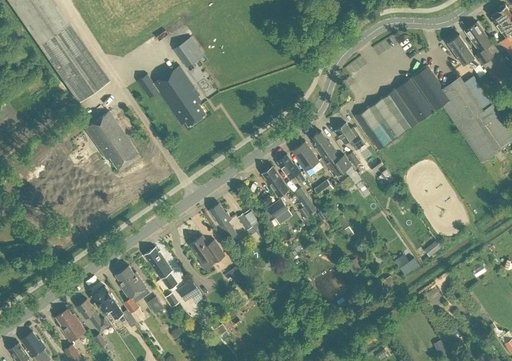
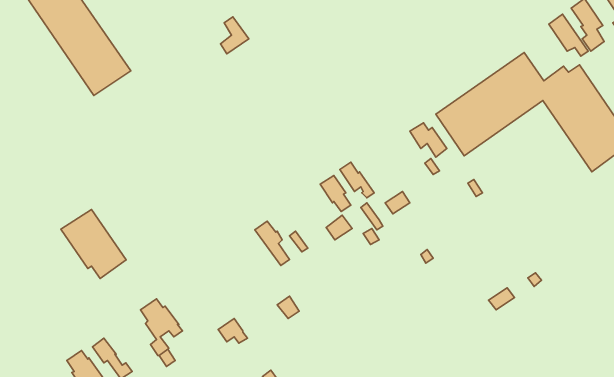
building: [138,66,206,126] -> none
building: [84,112,137,168] -> [61,209,126,278]
building: [312,132,351,176] -> none
building: [293,141,319,171] -> none
building: [189,235,225,263] -> none
building: [145,247,177,289] -> none
building: [92,286,123,317] -> none

